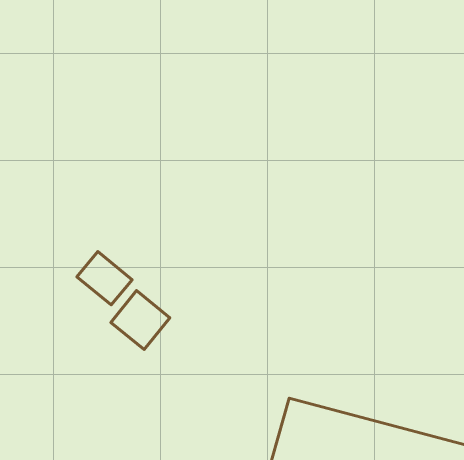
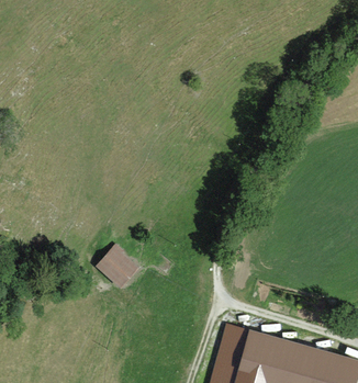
building: [77,252,132,305] -> none

